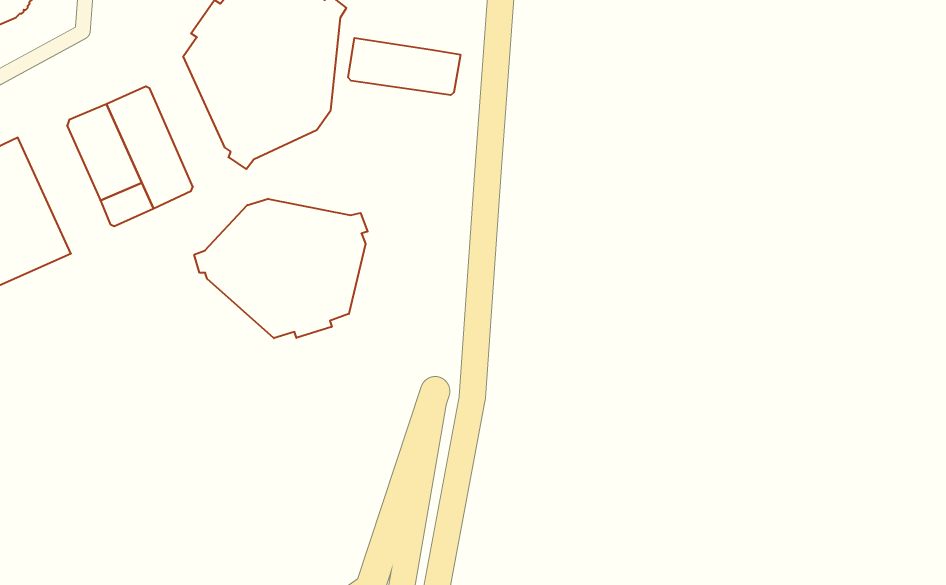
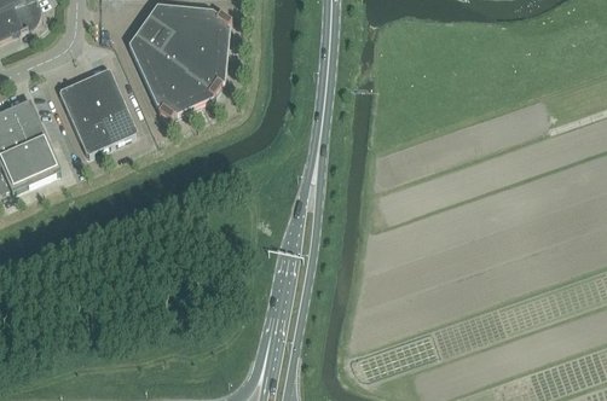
building: [348,38,460,95] -> none
building: [194,199,368,338] -> none

